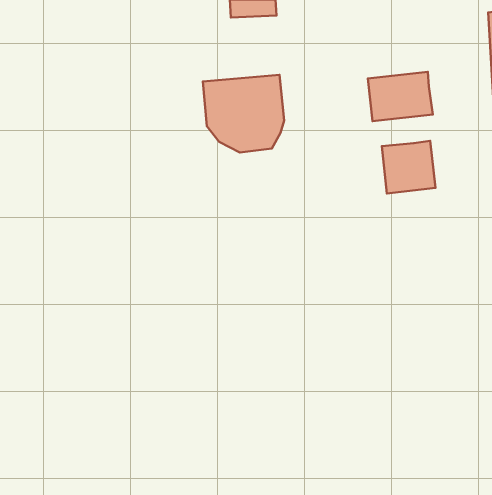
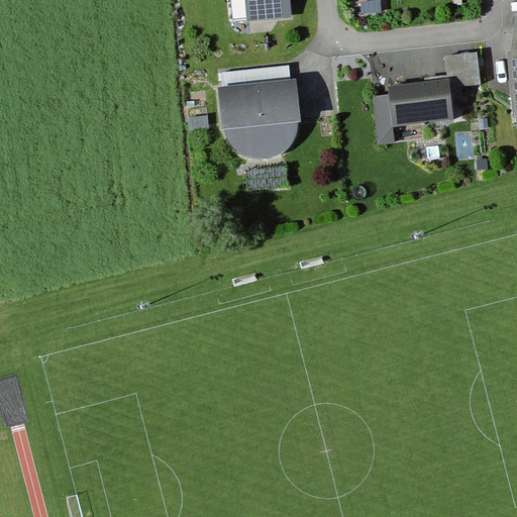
building: none -> [447,53,483,90]
building: [382,141,436,193] -> none

